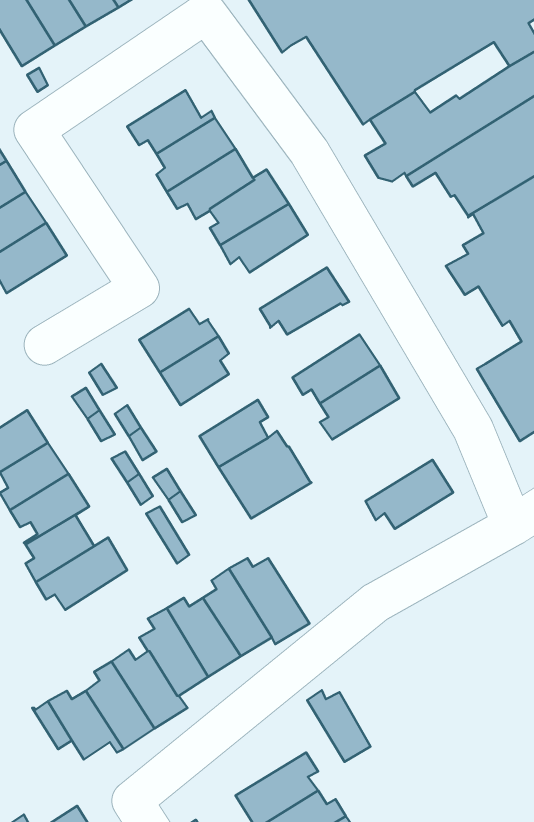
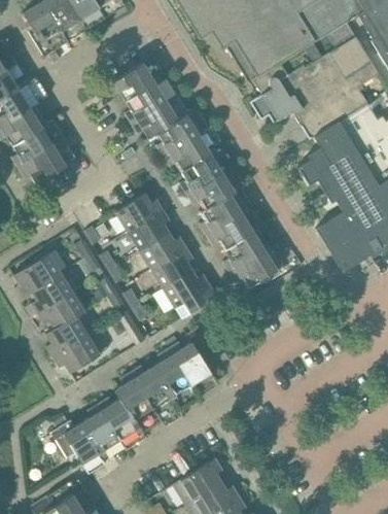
building: none -> [180,148,227,193]
building: none -> [200,190,247,234]
building: none -> [140,232,186,269]
building: [365,460,453,529] -> [231,246,283,287]
building: [307,690,370,762] -> none

